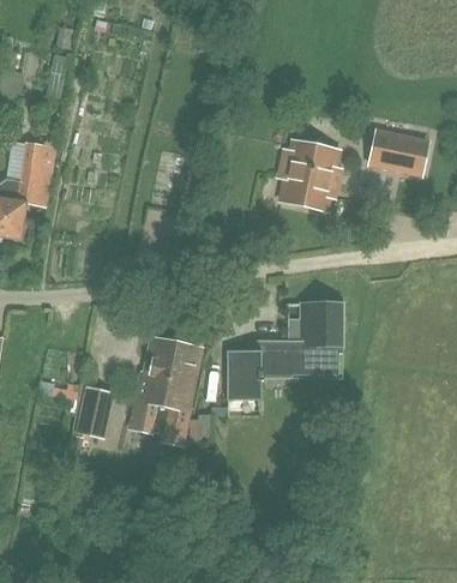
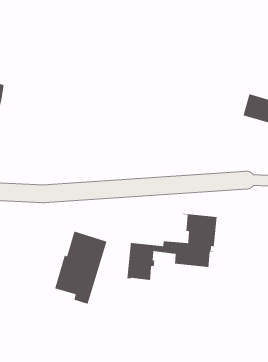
building: [278,140,338,210] -> none
building: [77,389,112,437] -> none

